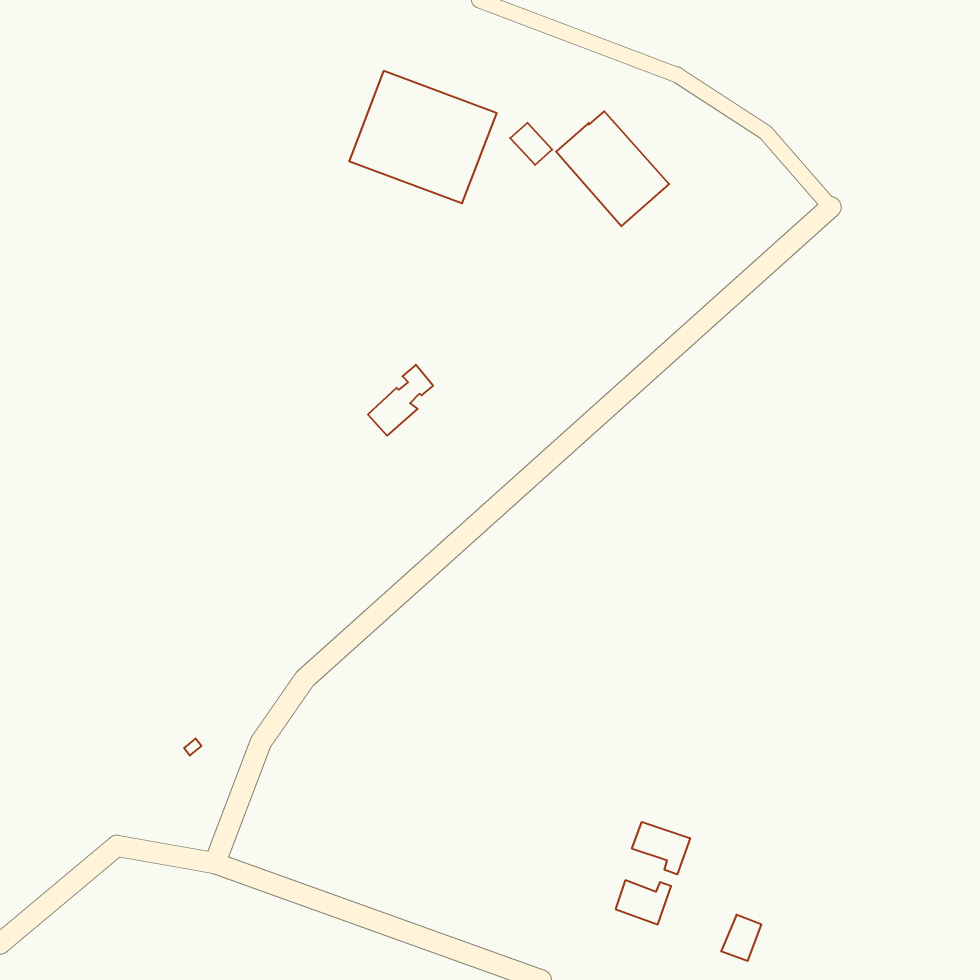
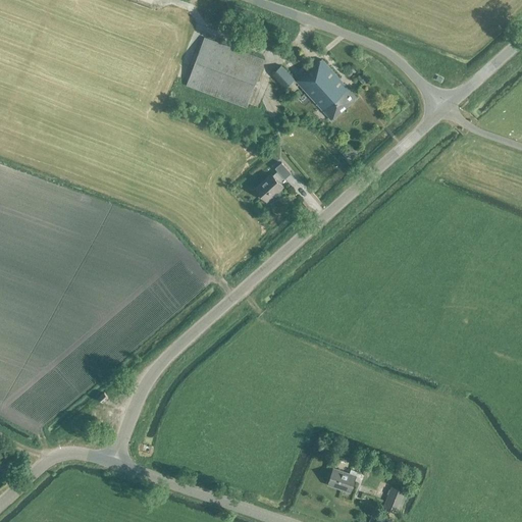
building: [368,365,433,436] -> [256,162,291,200]
building: [632,822,690,874] -> none

